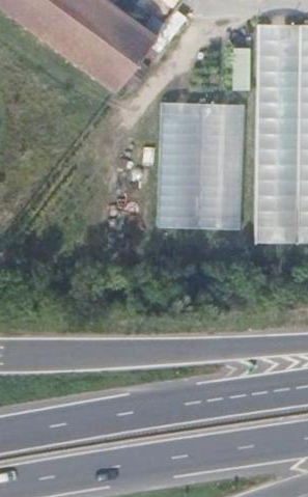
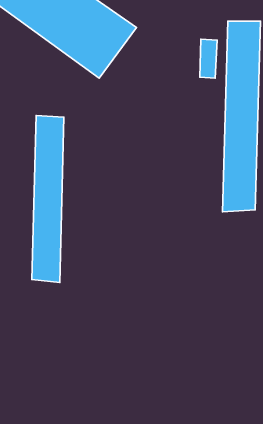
building: [158,102,245,229] -> none
building: none -> [32,116,64,282]

